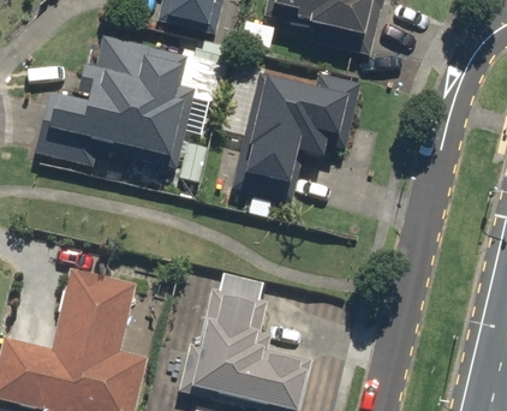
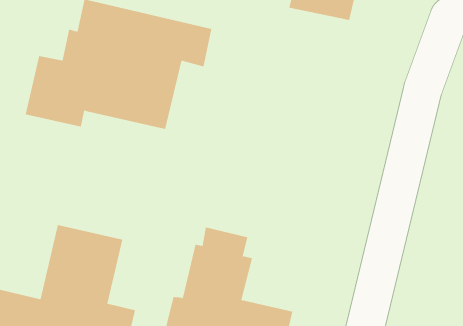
building: [219,65,357,202] -> none

